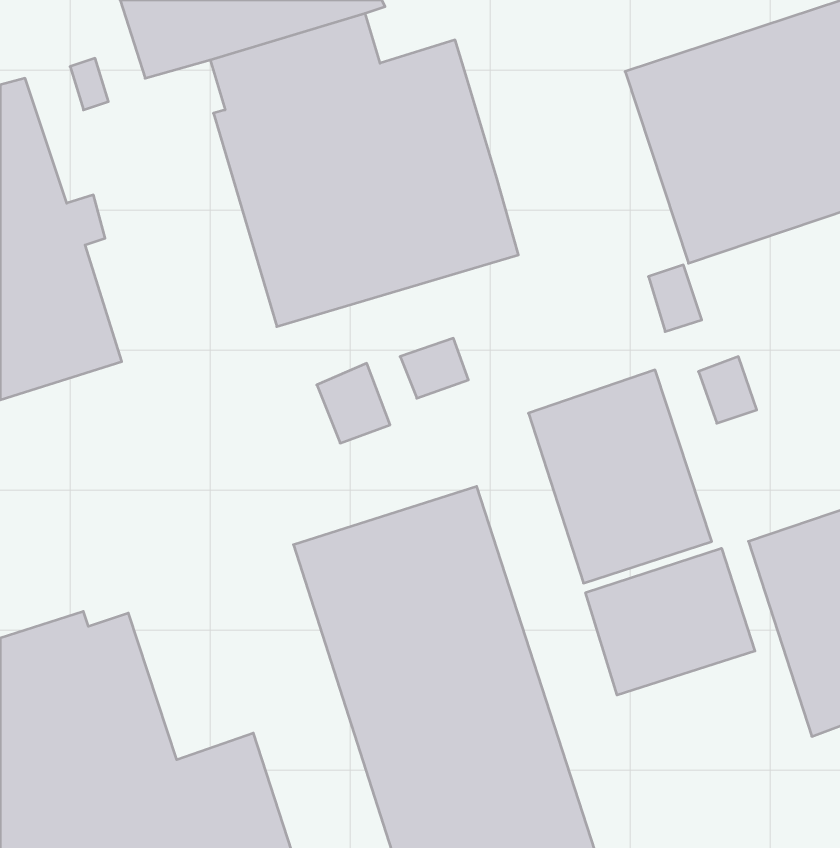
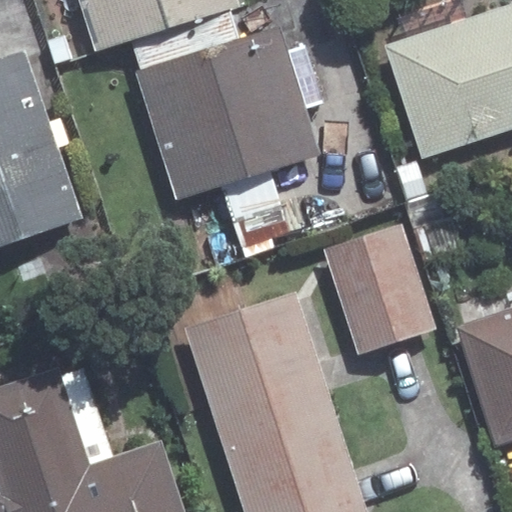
building: [586,548,755,695] -> none

